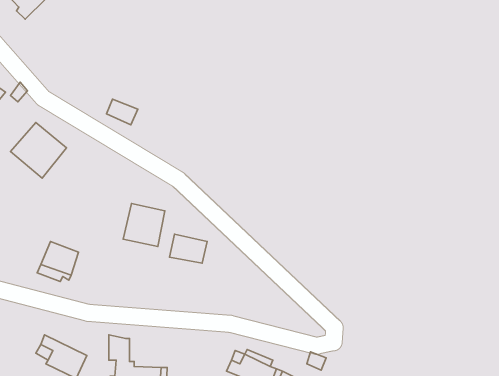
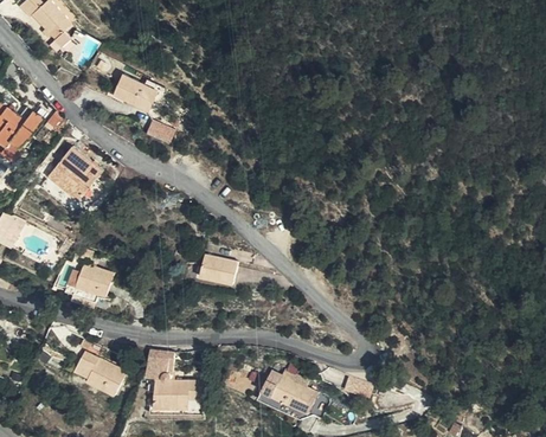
building: none -> [118,73,162,111]
building: [123,204,165,246] -> none

